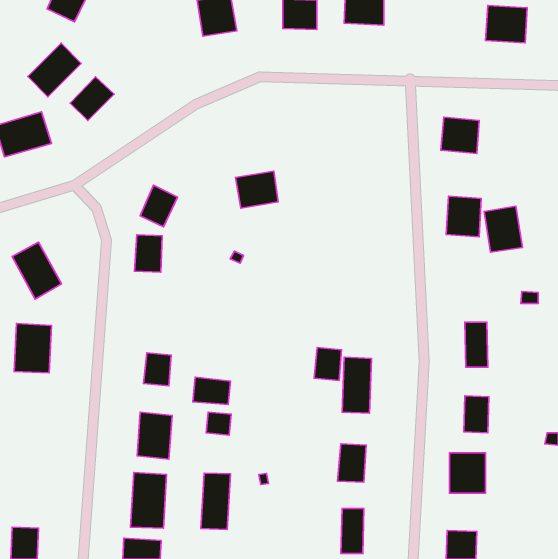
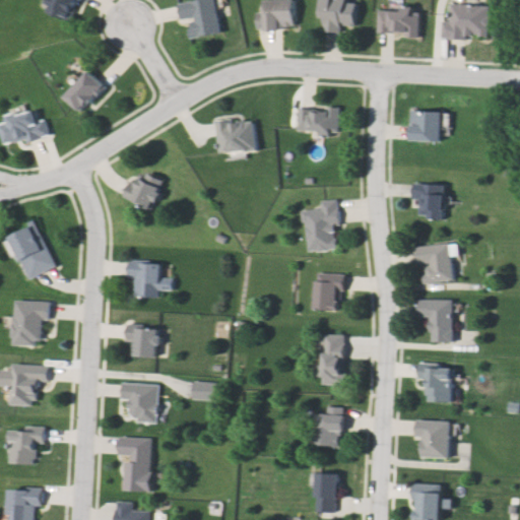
building: none -> [375,8,410,32]
building: [28,43,81,97] -> none
building: none -> [296,107,336,132]
building: [235,171,278,208] -> [216,120,256,154]
building: [484,206,522,252] -> [418,240,454,282]
building: none -> [302,203,339,252]
building: [135,235,162,272] -> [134,262,159,297]
building: [314,348,341,380] -> [313,281,338,312]
building: [193,377,230,405] -> none
building: none -> [12,365,39,404]
building: none -> [10,432,37,461]
building: [201,473,230,529] -> none

